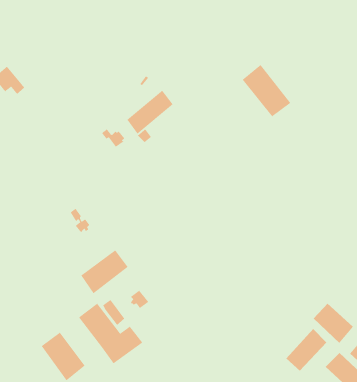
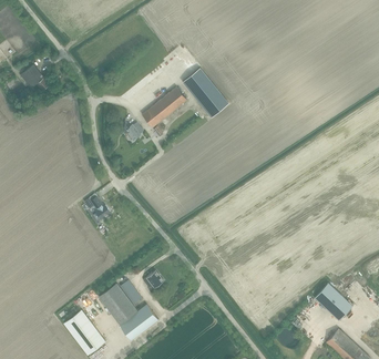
building: [242,64,291,117] -> [183,68,228,116]
building: [81,249,128,294] -> none
building: [286,328,327,372] -> none

